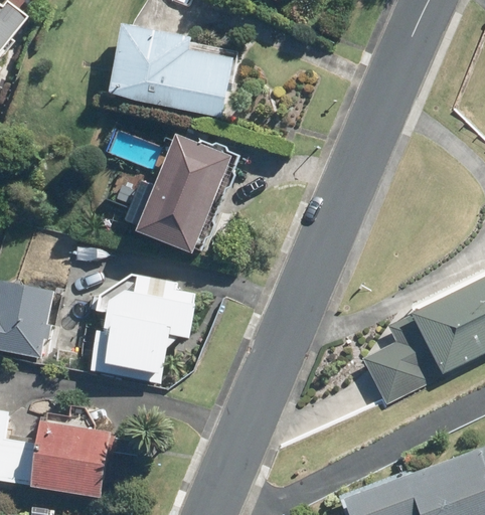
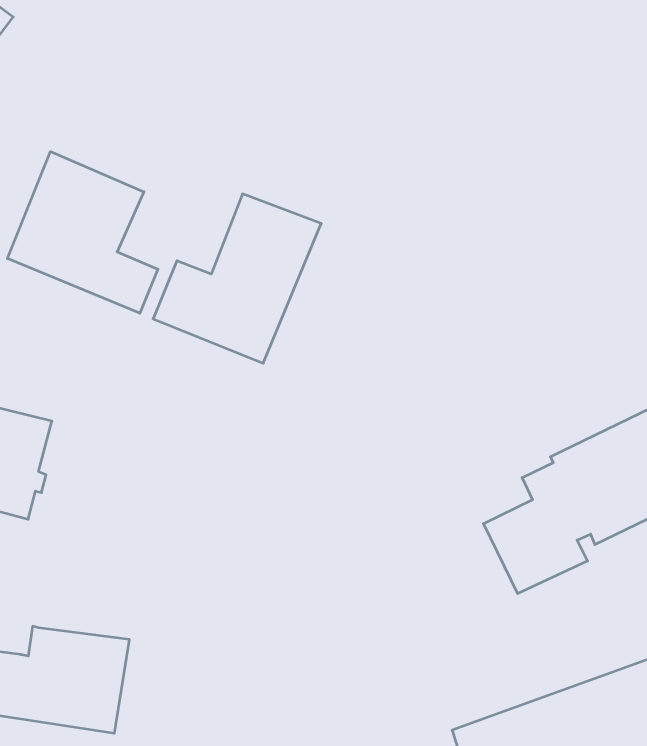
building: [114,26,233,118] -> none
building: none -> [7,152,158,313]
building: [93,291,196,385] -> none

